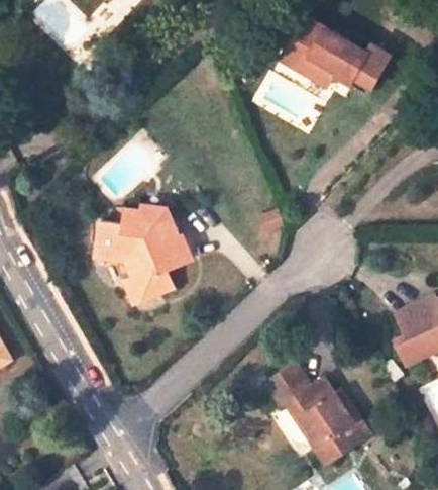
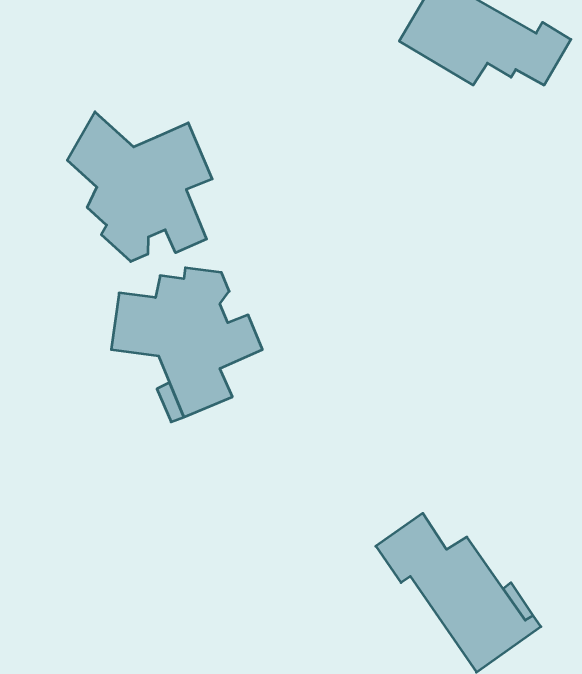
building: none -> [67,112,212,262]

